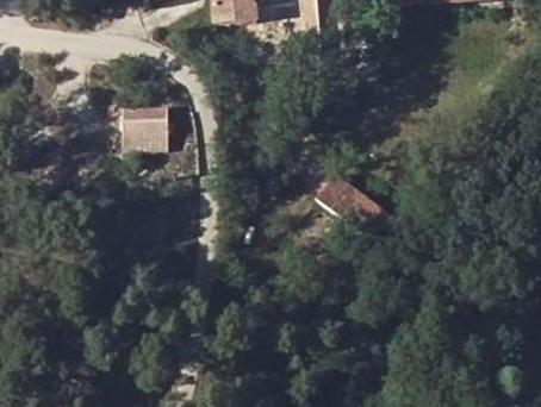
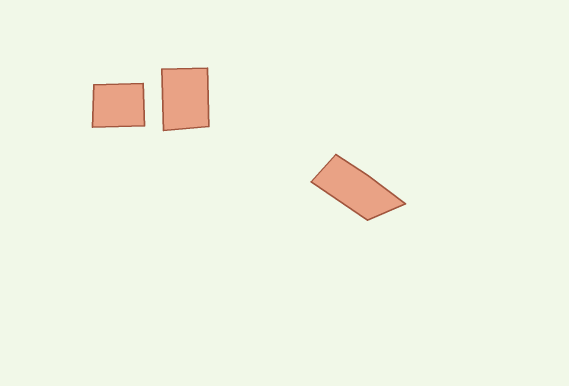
building: none -> [162,68,209,131]

